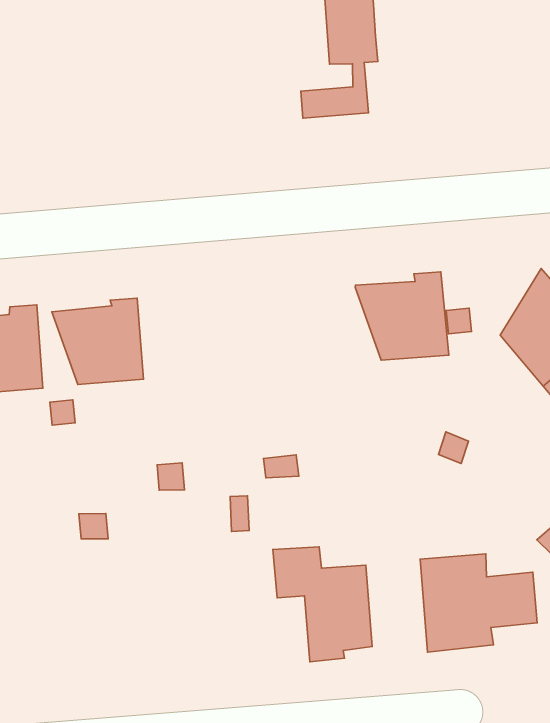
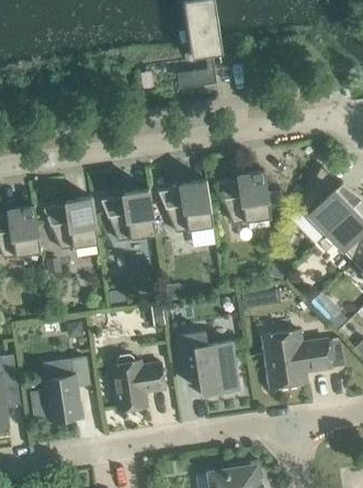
building: none -> [157,180,213,232]
building: none -> [100,189,156,241]
building: none -> [110,354,165,410]
building: none -> [44,358,89,420]

